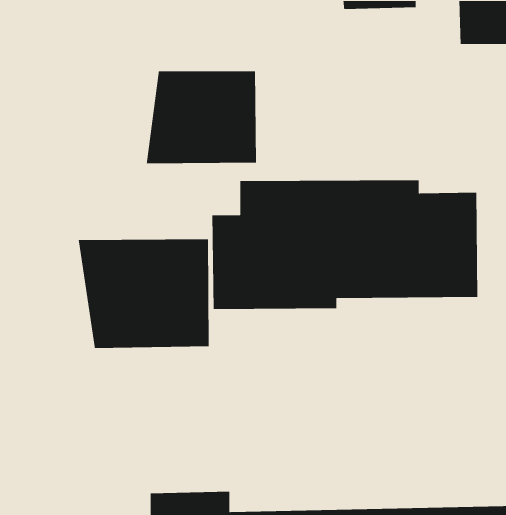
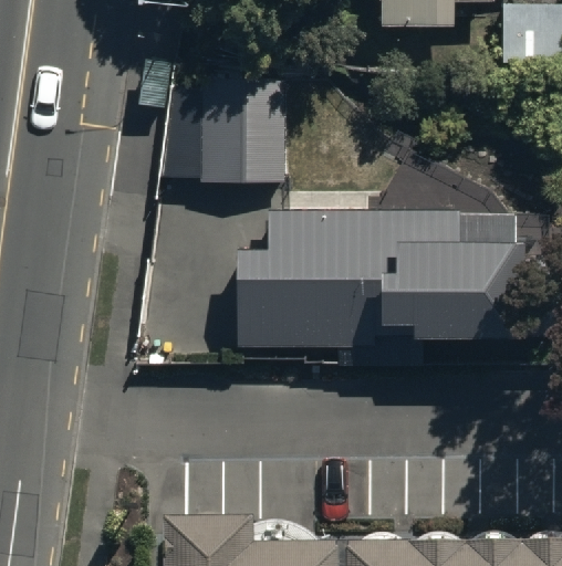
building: [78,239,210,349] -> none

